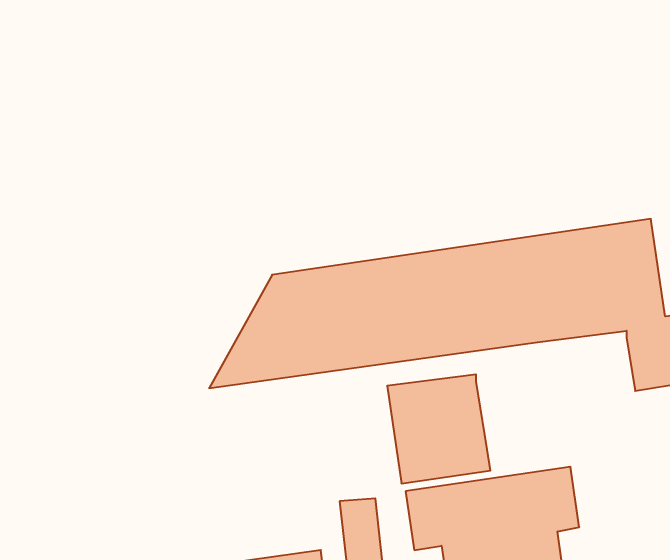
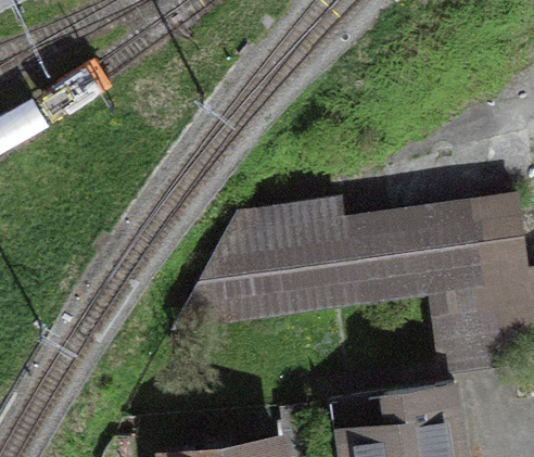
building: [387,374,490,483] -> [431,277,509,359]

